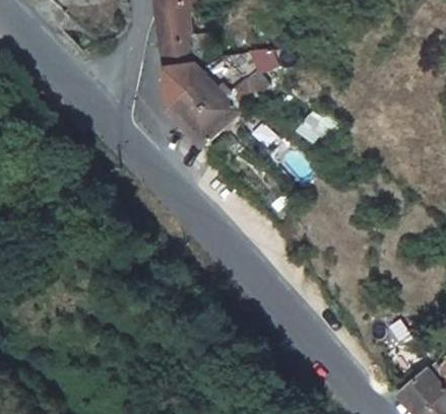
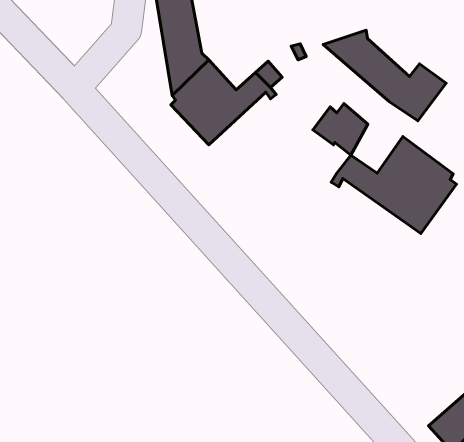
building: none -> [323,30,446,121]
building: none -> [331,136,457,234]

